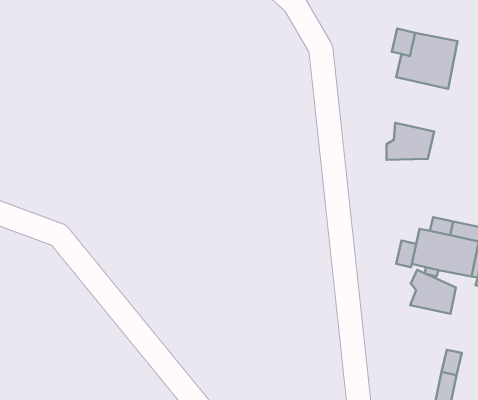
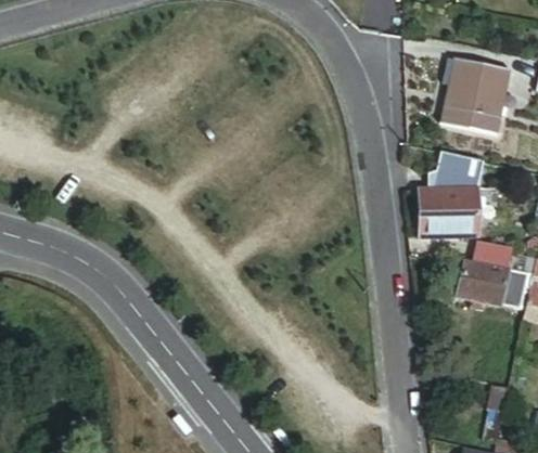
building: none -> [420,189,478,236]
building: [410,270,456,314] -> none

